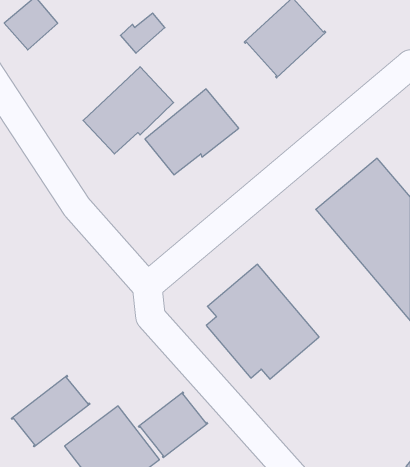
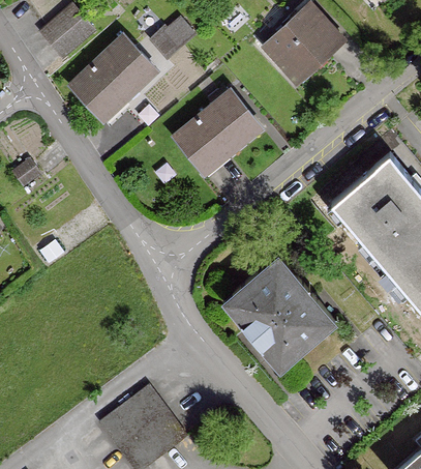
building: [83,67,174,154] -> [71,37,155,118]
building: [11,375,90,447] -> none
building: [138,392,208,458] -> none

